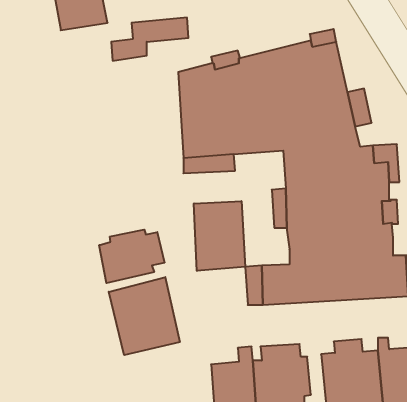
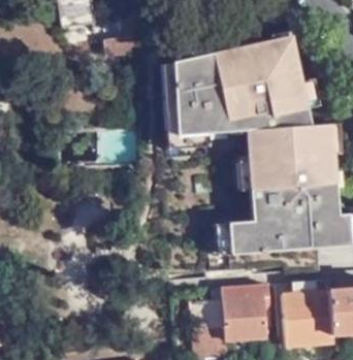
building: [194,201,245,271] -> none
building: [99,230,164,283] -> none
building: [109,277,180,355] -> none

